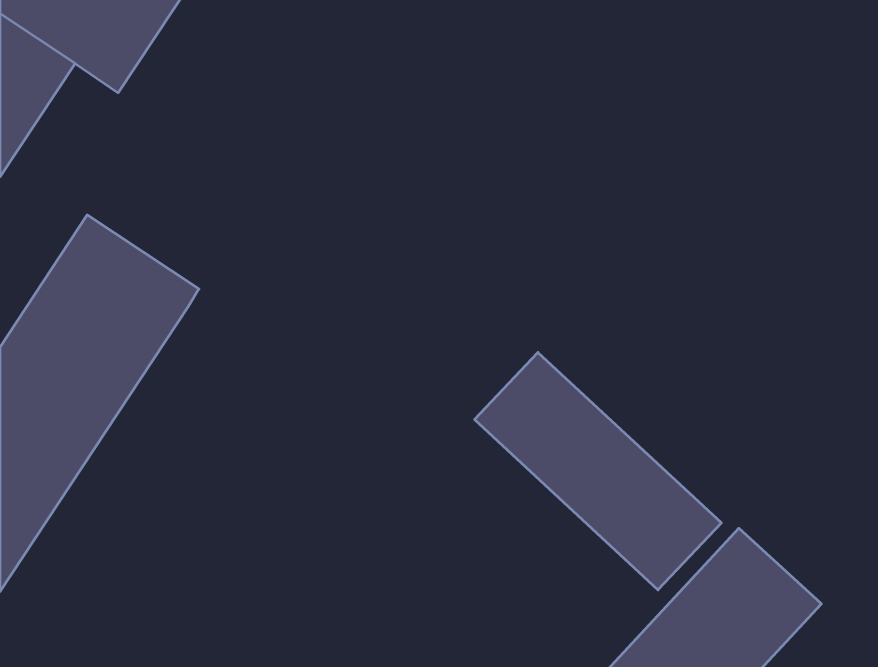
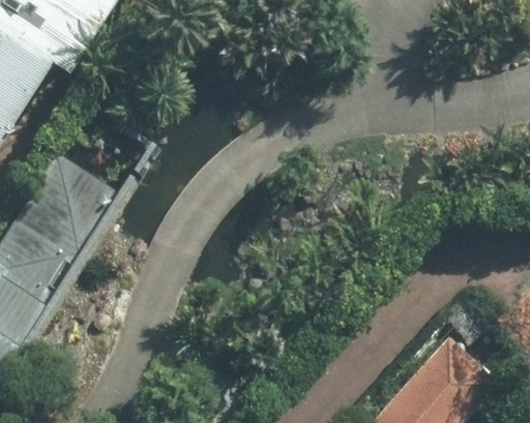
building: [475,352,721,590] -> none

